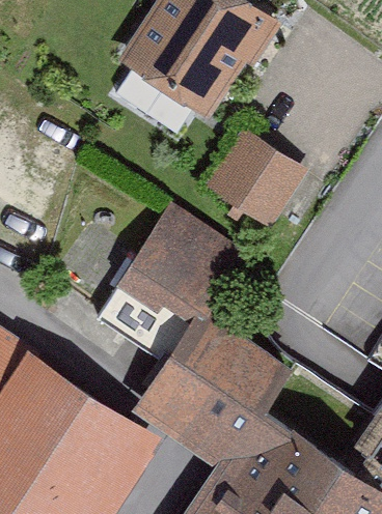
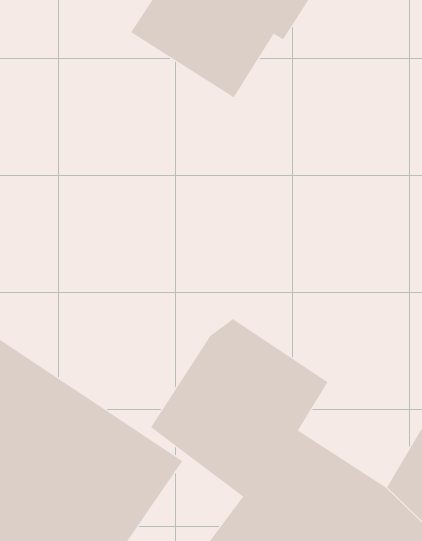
building: [204,131,306,230] -> none
building: [115,204,245,329] -> none

